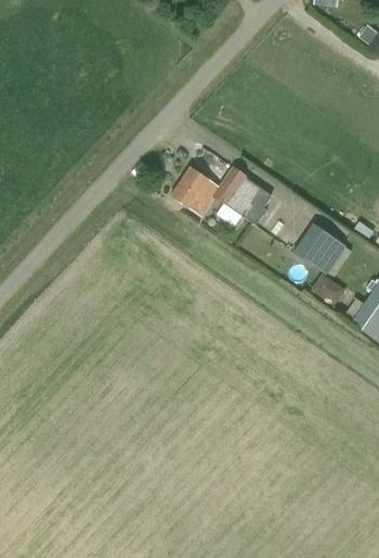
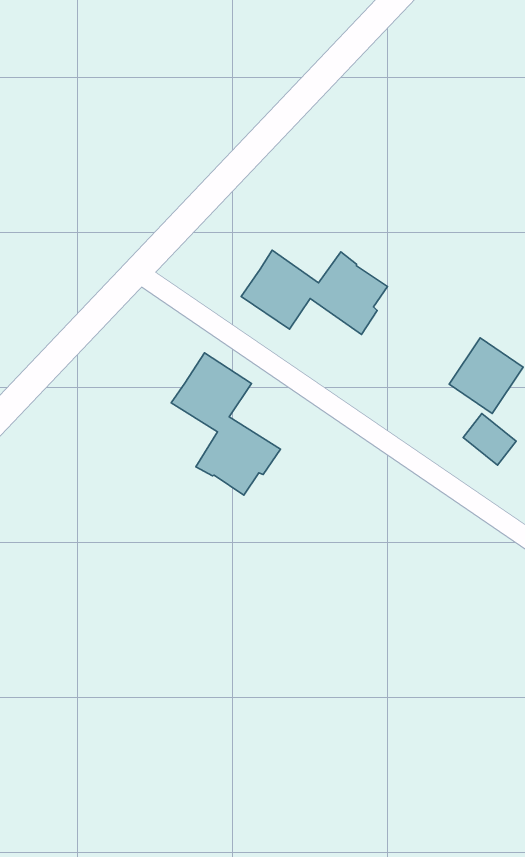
building: none -> [171,353,281,495]

